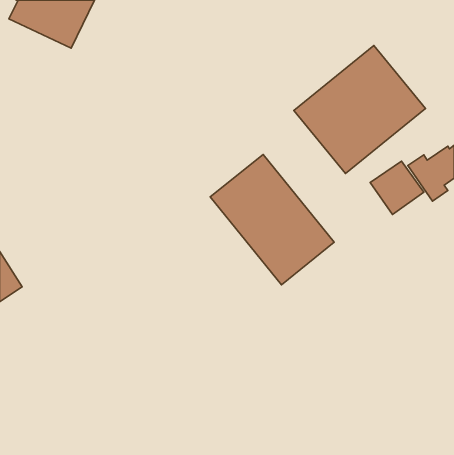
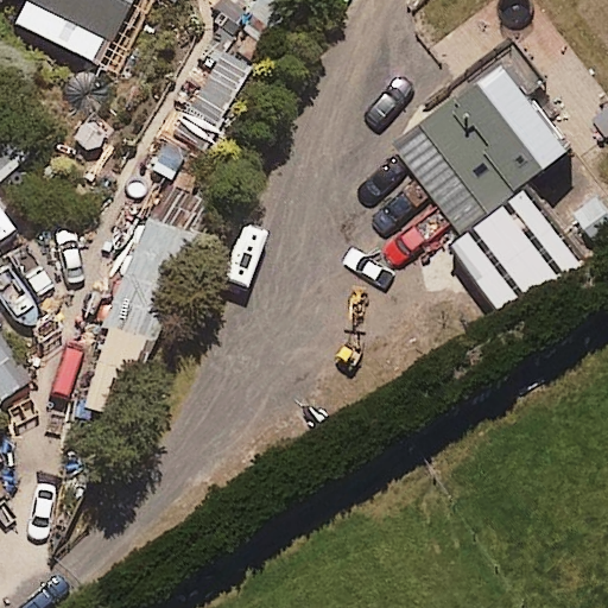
building: [210,154,334,285] -> none

